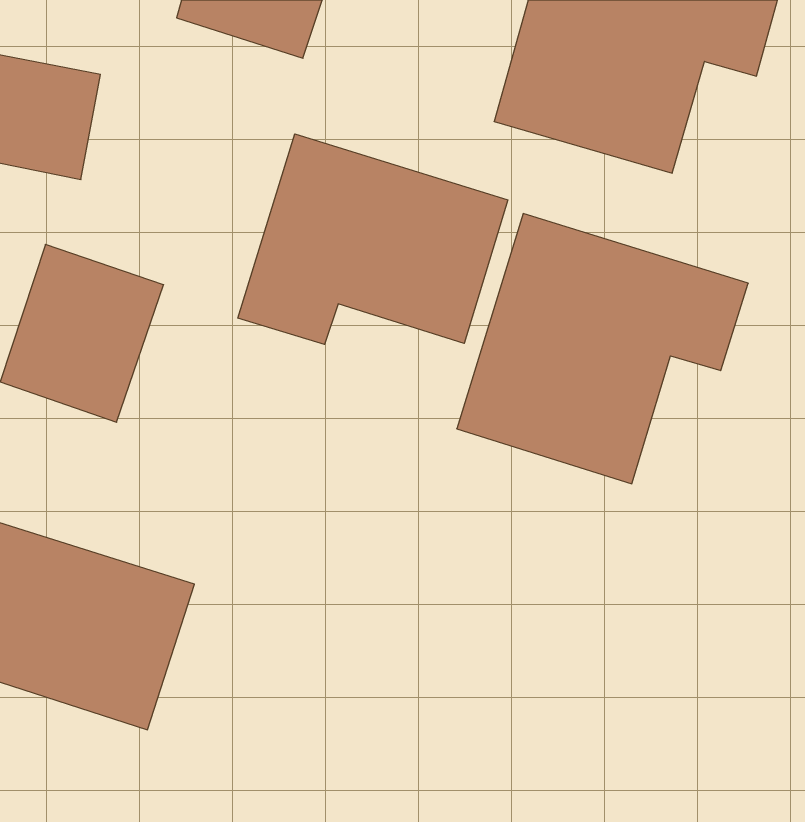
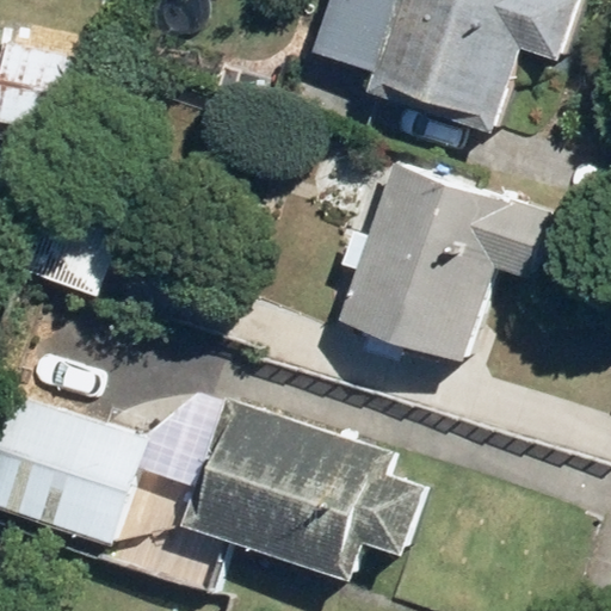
building: [238,134,508,344] -> none
building: none -> [178,400,422,579]

